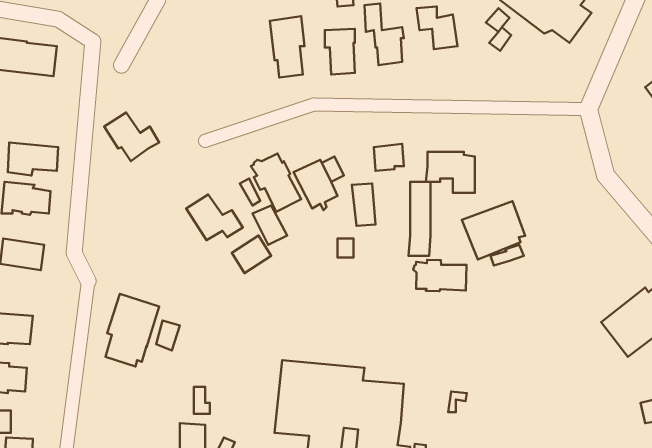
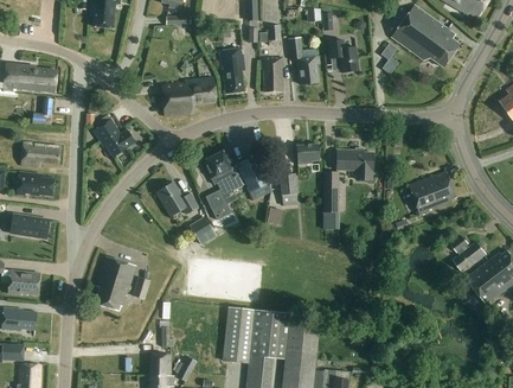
building: none -> [161,77,216,115]
building: [462,201,525,259] -> [408,171,455,215]
building: [413,260,467,291] -> none
building: none -> [451,235,487,272]

